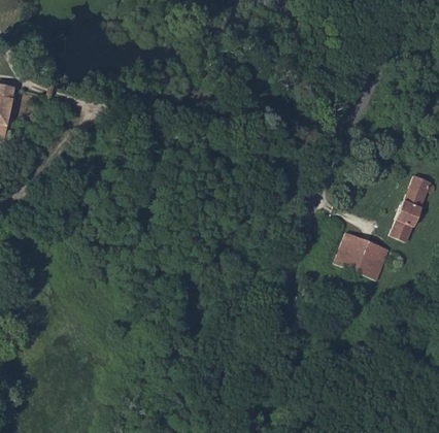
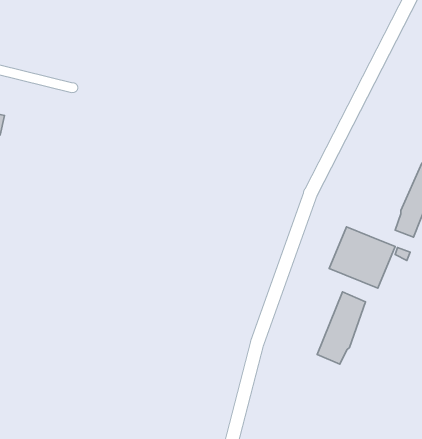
building: none -> [317,292,366,364]

